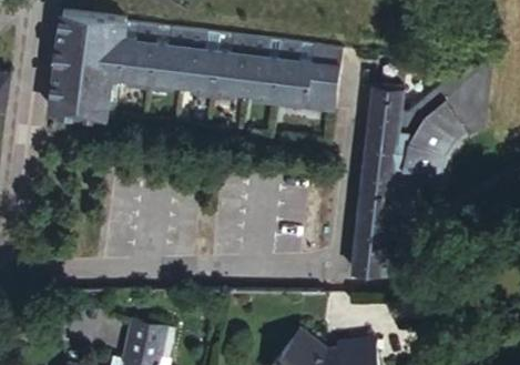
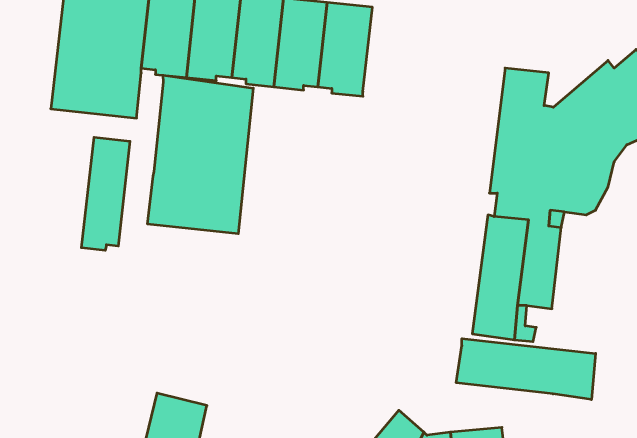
building: [272,41,337,111] -> none
building: none -> [148,75,253,234]
building: none -> [81,137,130,250]
building: none -> [456,339,596,400]

